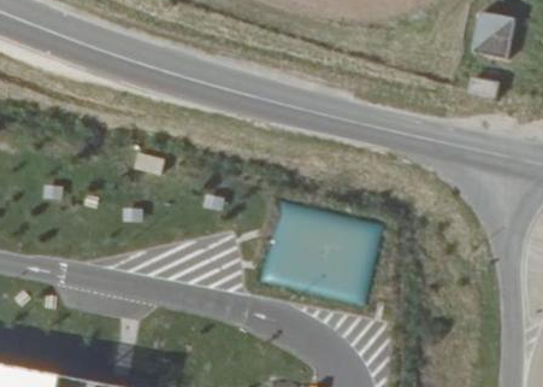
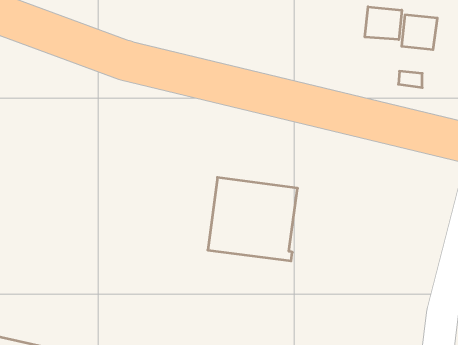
building: none -> [365,7,402,40]

